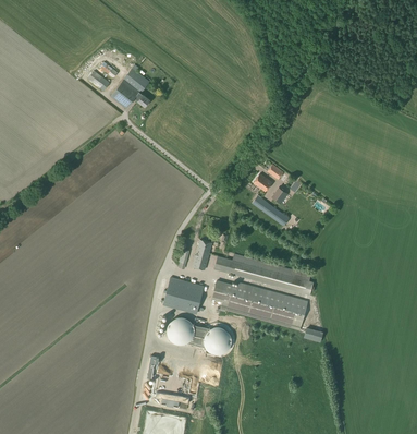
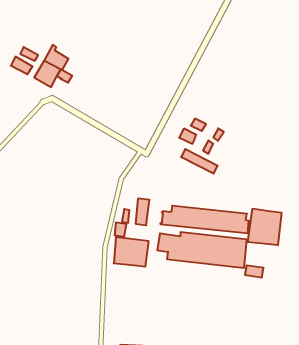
building: none -> [248,209,281,245]
building: [167,316,231,354] -> none

